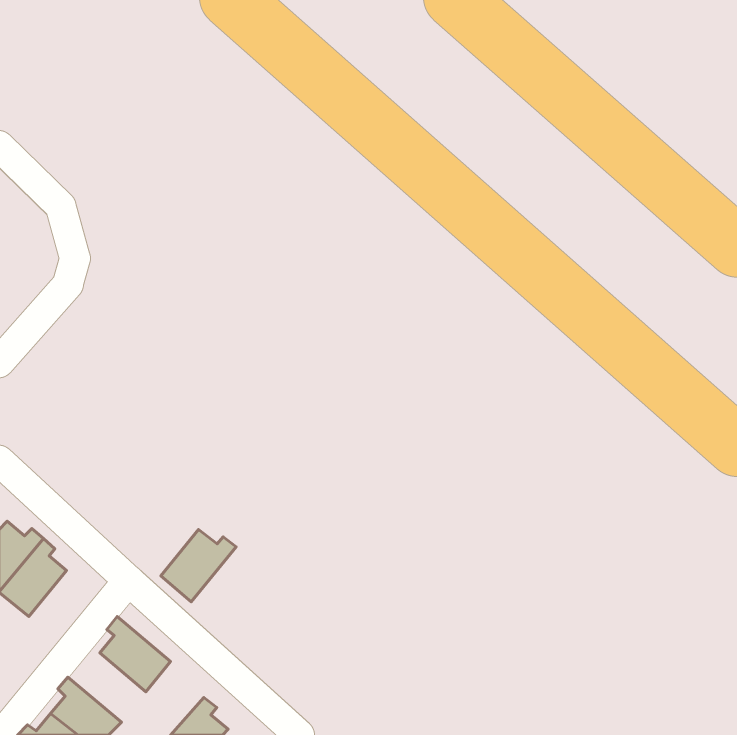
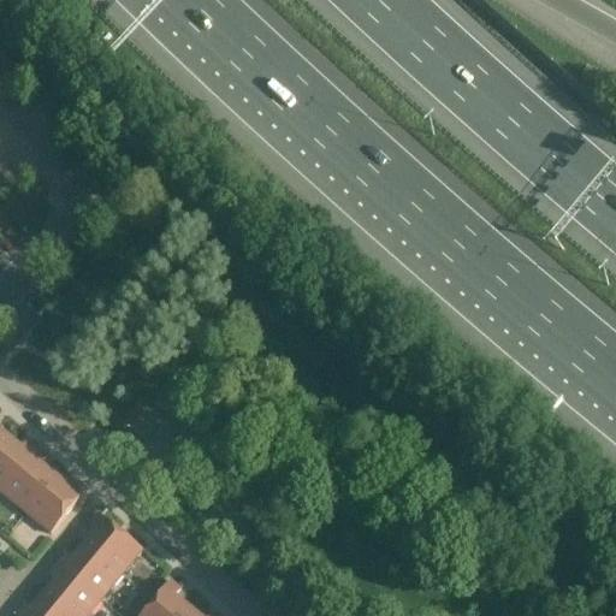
building: [161,529,236,602] -> [24,475,87,535]
building: none -> [57,544,122,602]

